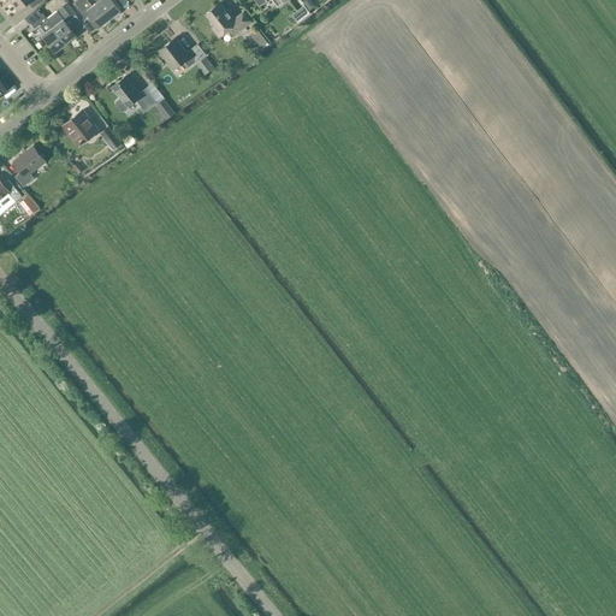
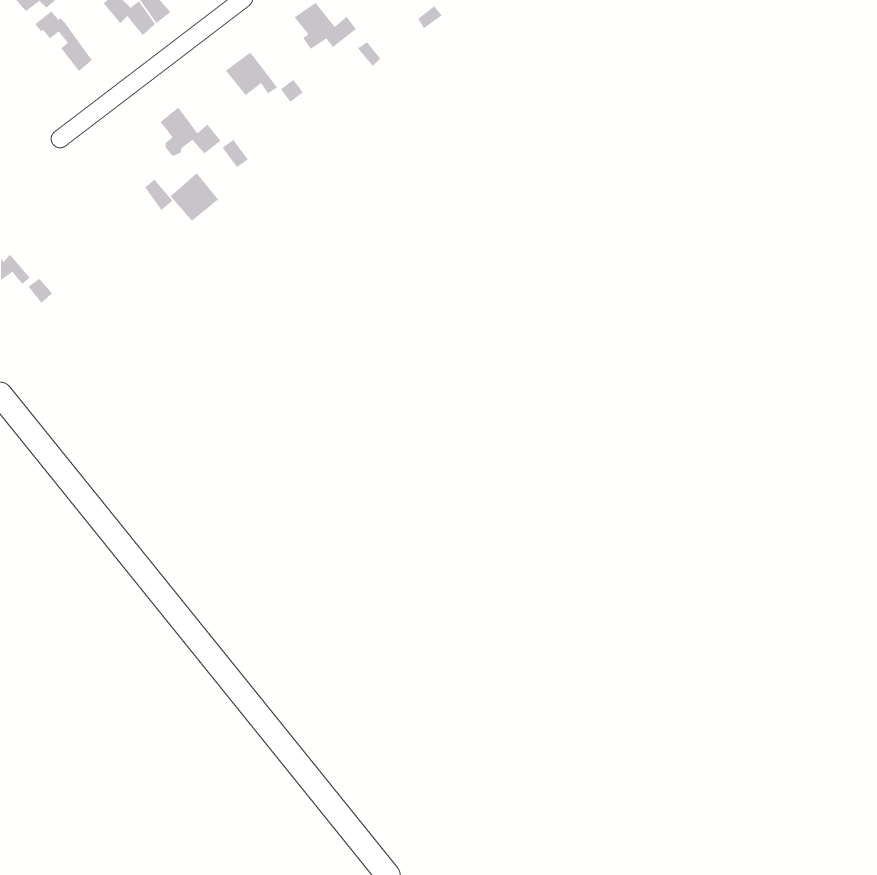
building: [47,5,76,42] -> none
building: [63,108,97,143] -> [169,172,219,222]
building: [13,146,45,185] -> none

